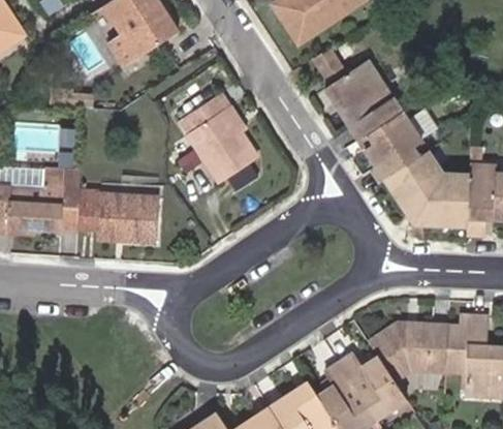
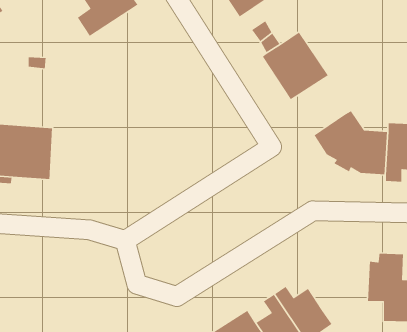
building: [178,93,257,184] -> none
building: [356,111,421,180] -> none
building: [80,193,155,243] -> none
building: [367,324,447,382] -> none

